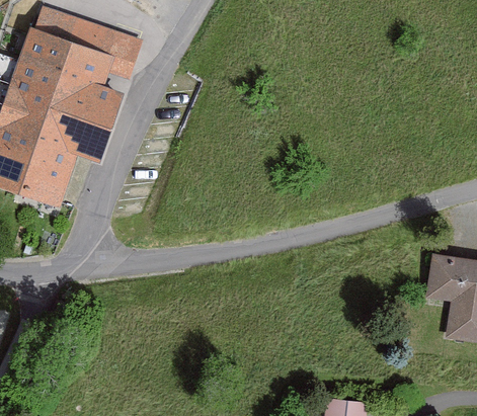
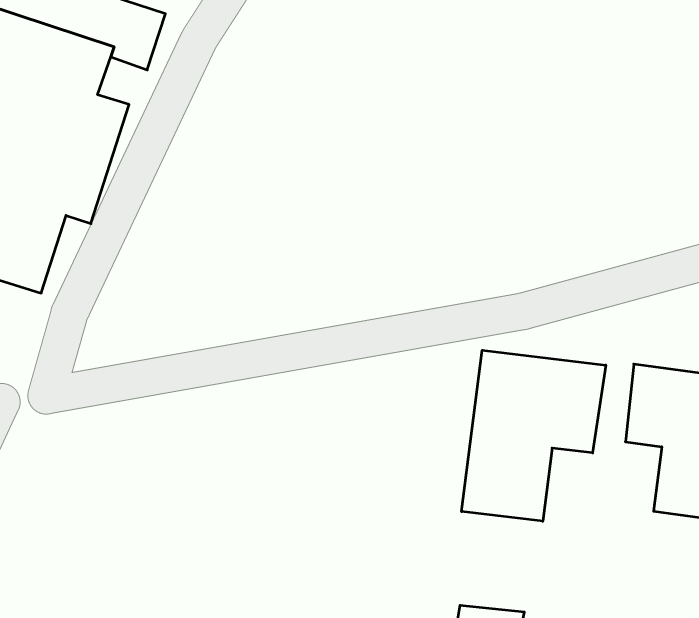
building: none -> [462,350,606,521]

